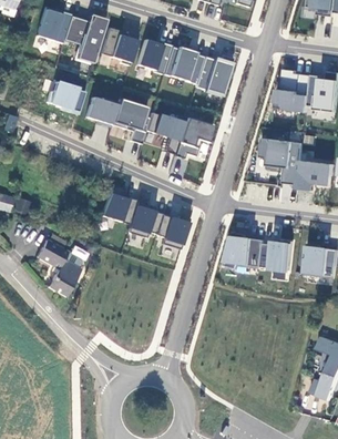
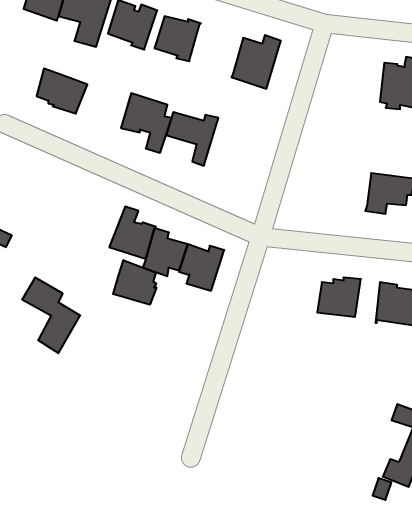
building: [162,45,203,83] -> none
building: [275,68,310,111] -> none
building: [84,96,116,126] -> none
building: [173,116,211,157] -> none
building: [259,136,303,184] -> none
building: none -> [113,260,156,305]
building: [223,231,263,268] -> none

